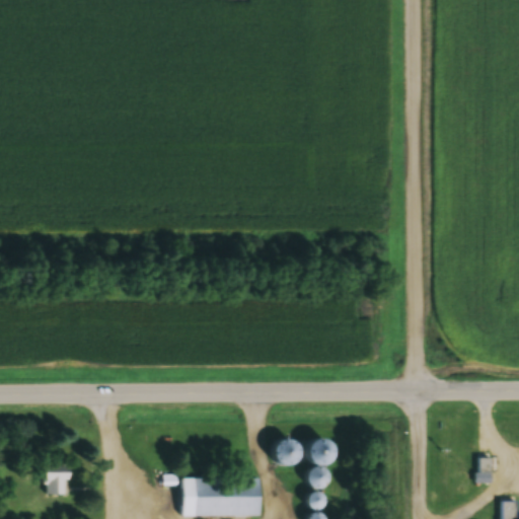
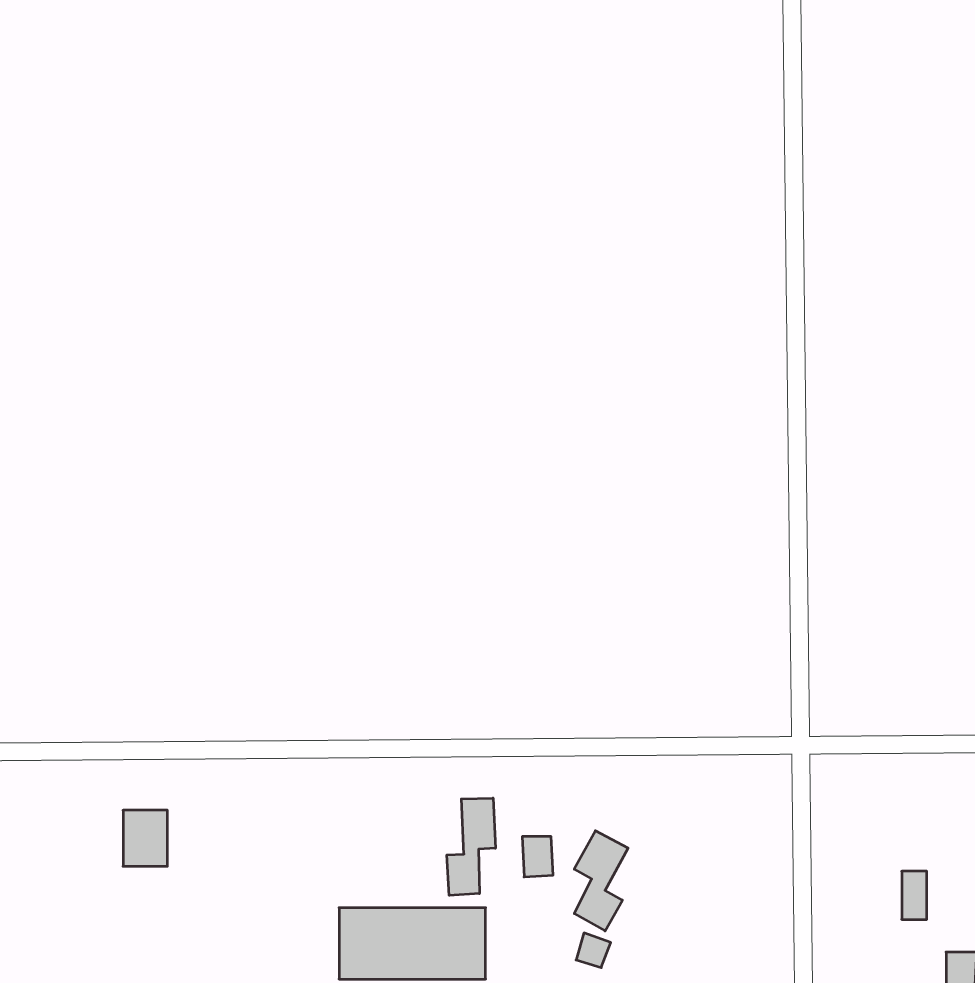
building: none -> [447,798,495,895]
building: [46,467,69,497] -> [123,810,167,866]

